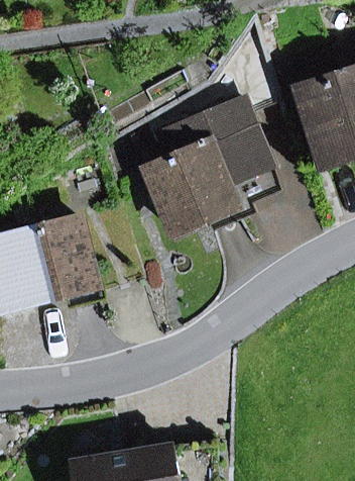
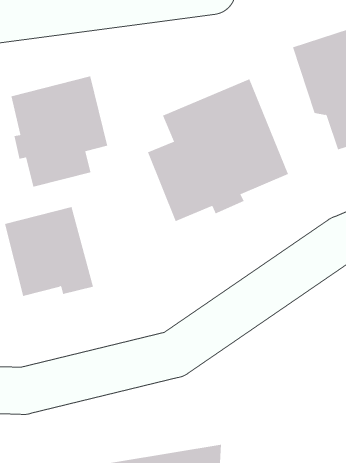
building: none -> [11,75,108,188]

